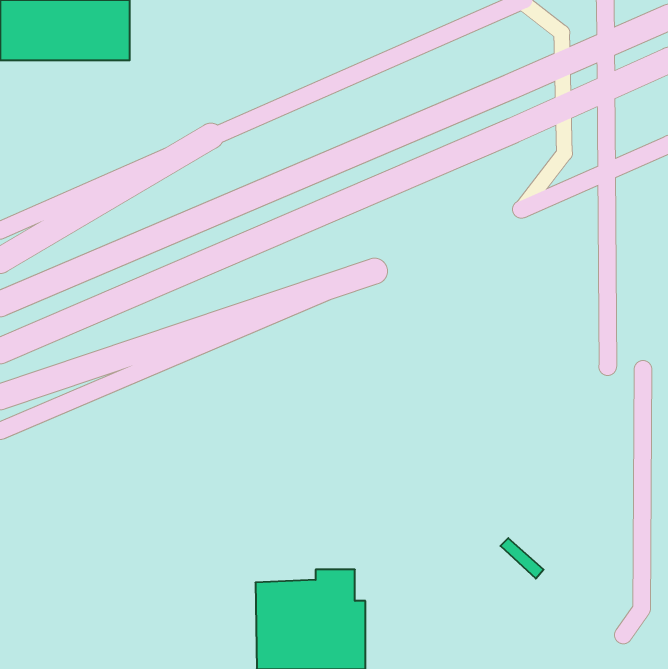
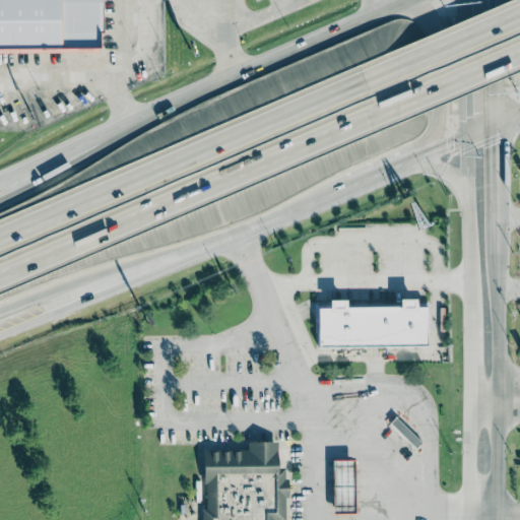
building: none -> [319,298,426,344]
building: none -> [331,459,354,514]

